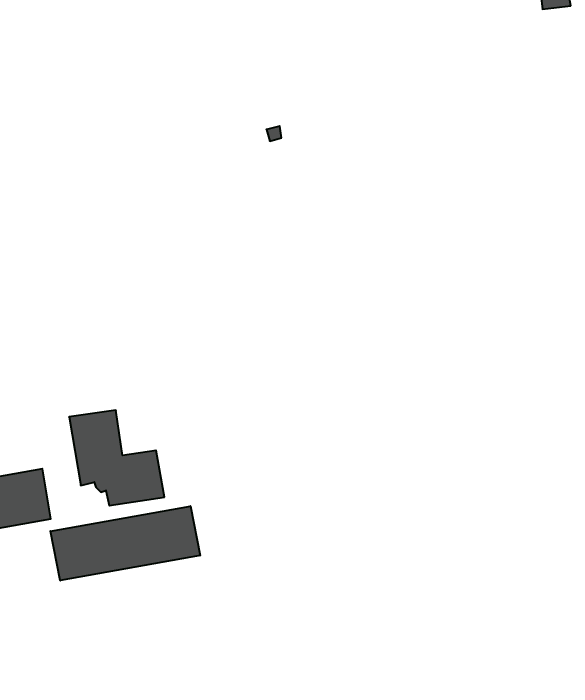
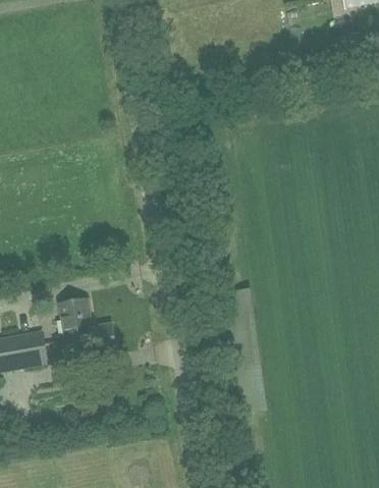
building: [50,506,200,581] -> none

